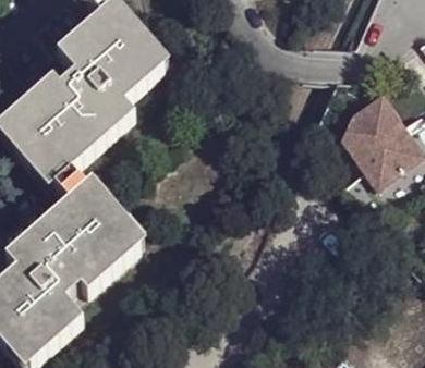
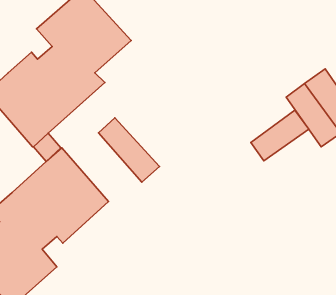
building: none -> [251,110,309,161]
building: none -> [98,118,160,182]

